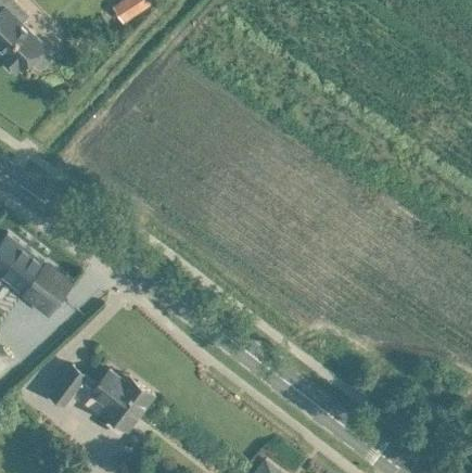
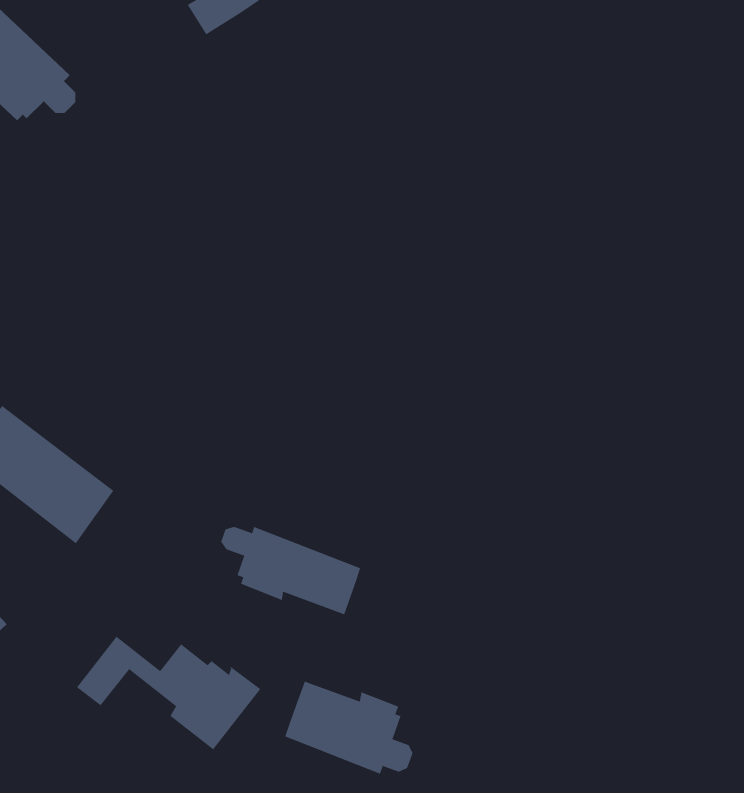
building: none -> [221,526,361,615]
building: none -> [284,681,413,774]

